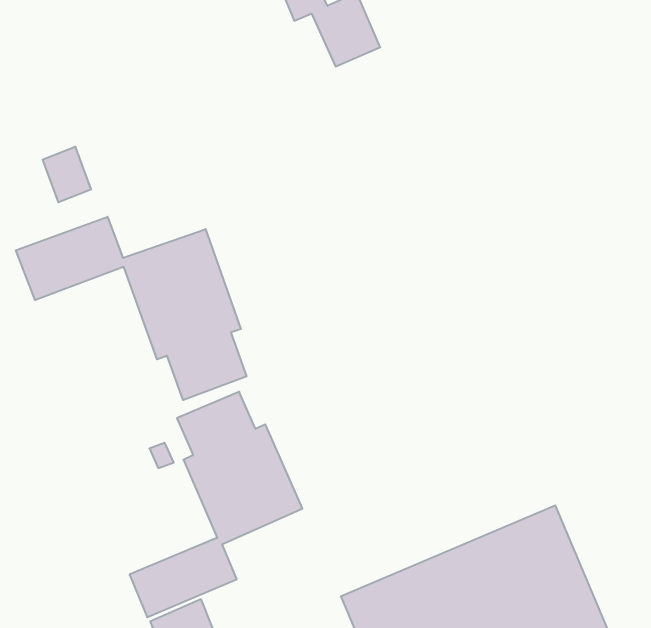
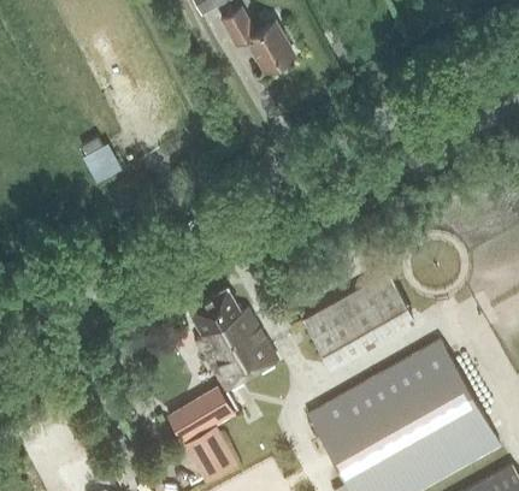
building: [16,217,246,400] -> none
building: none -> [303,272,413,362]

